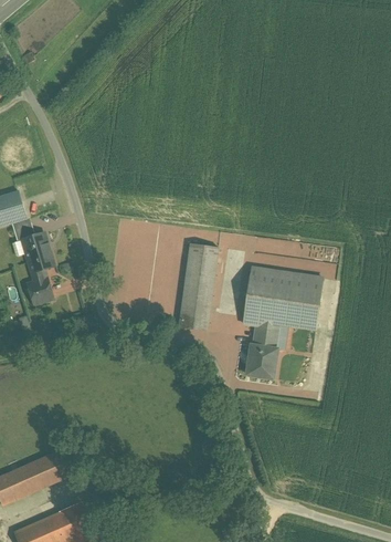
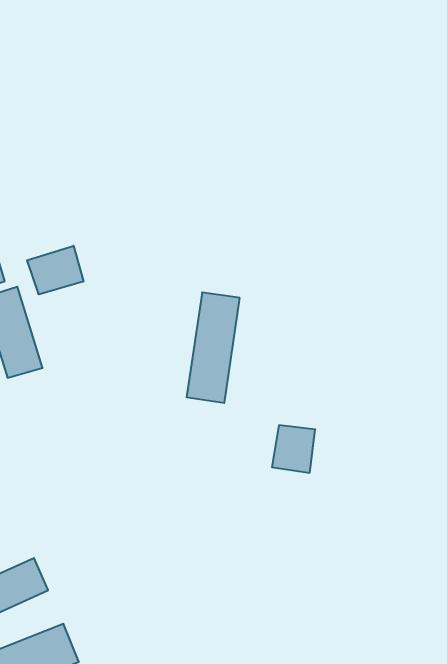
building: none -> [27,246,83,294]
building: [241,264,323,343] -> none

